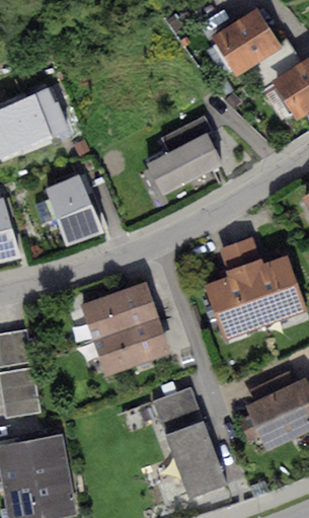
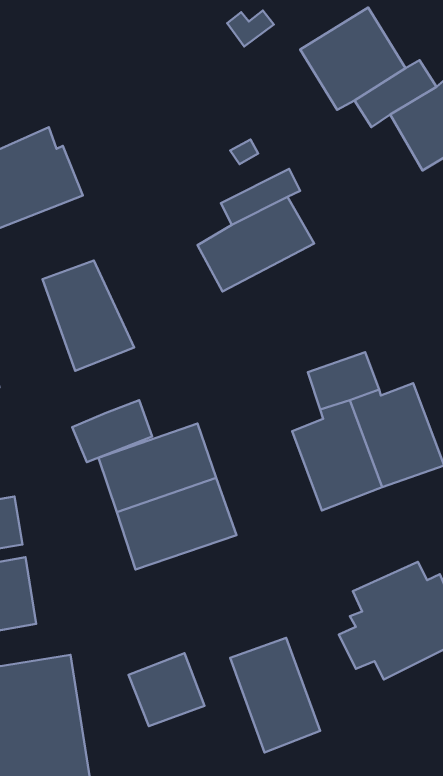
building: none -> [72,400,152,462]
building: [154,387,204,435] -> [129,653,205,726]

